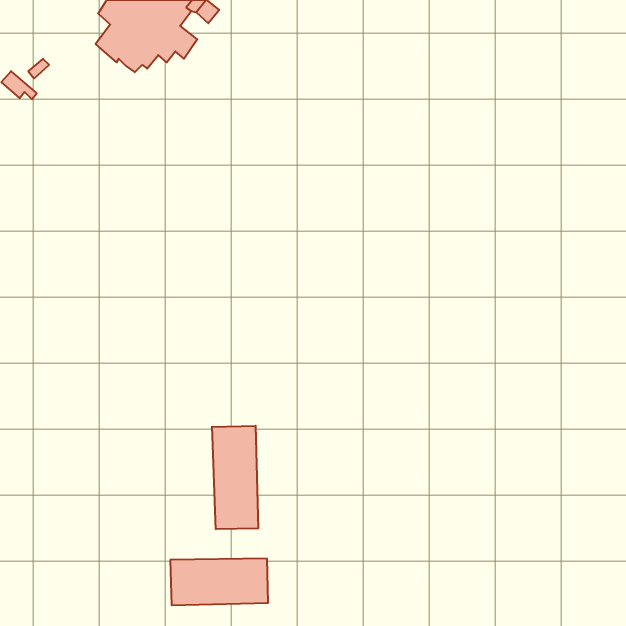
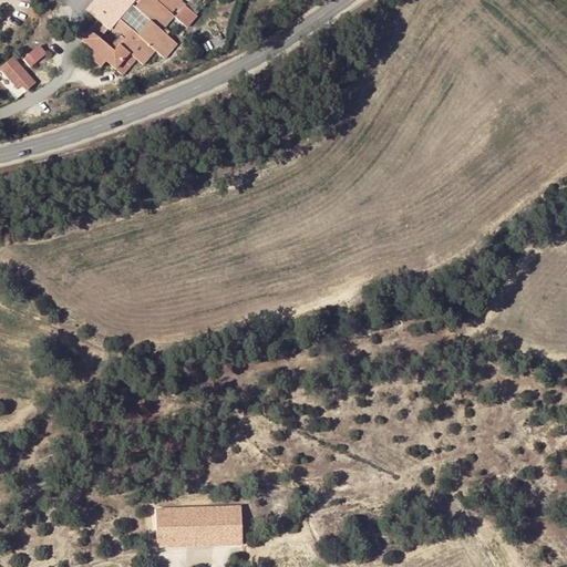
building: [212,426,258,529] -> none

